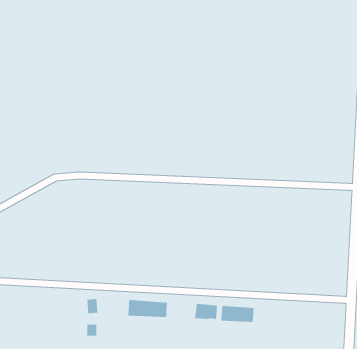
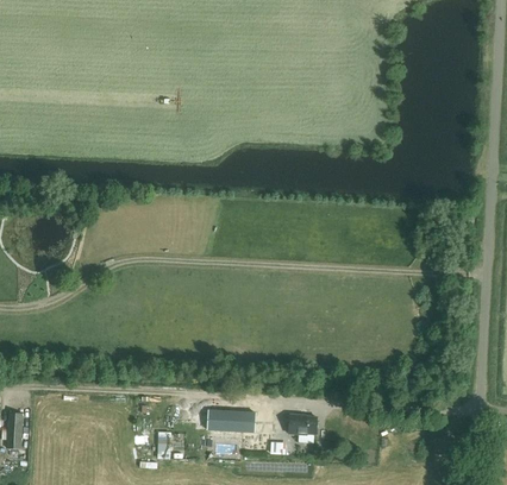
building: [220,305,255,323] -> none

